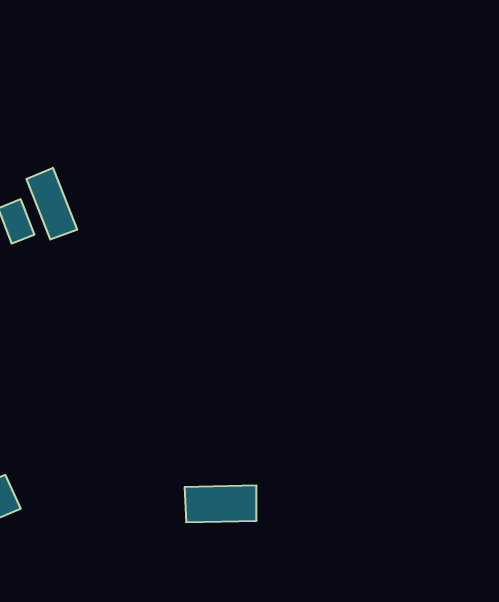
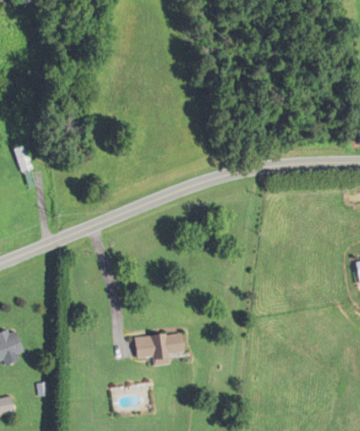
building: [27,168,77,240] -> none

